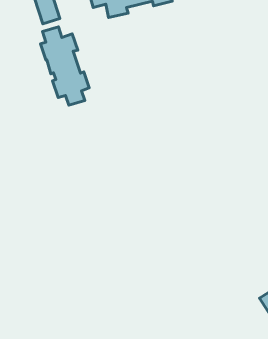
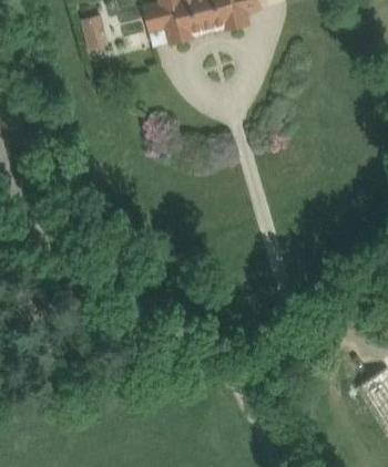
building: [41,27,89,105] -> none

